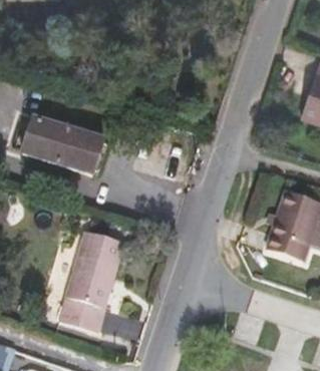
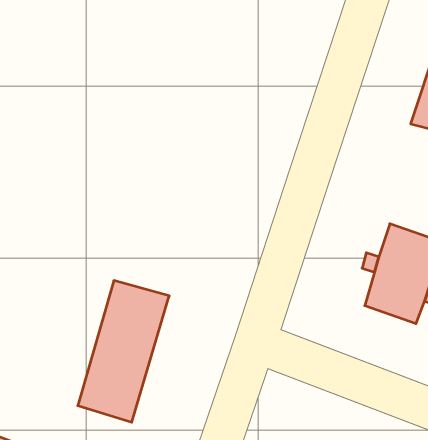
building: [21,116,104,176] -> none

